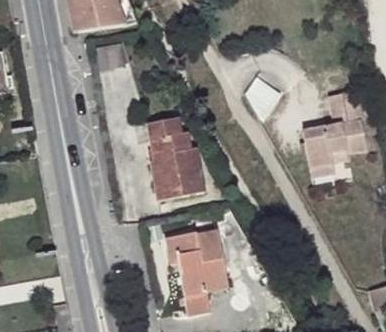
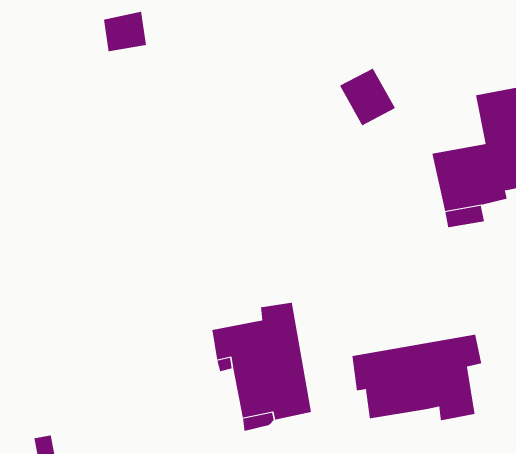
building: [149,118,202,199] -> none
building: none -> [352,334,482,421]

